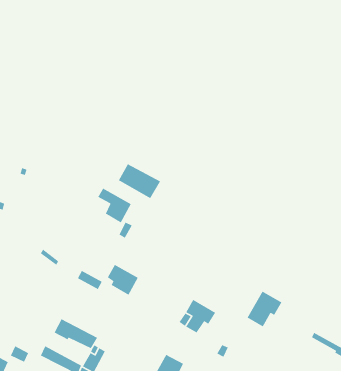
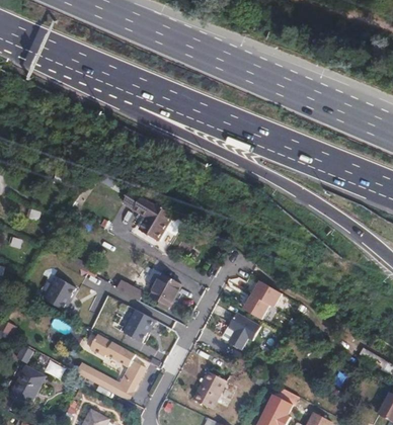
building: [118,163,161,199] -> none
building: none -> [46,277,76,311]
building: [247,291,282,327] -> [242,279,280,318]
building: none -> [124,310,154,342]

